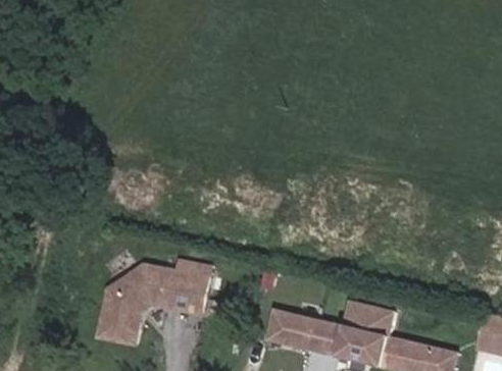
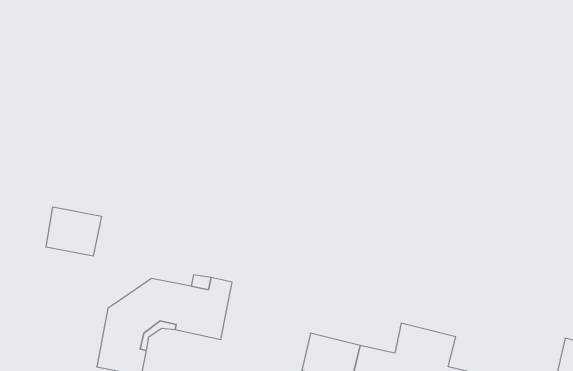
building: none -> [46,207,101,256]

